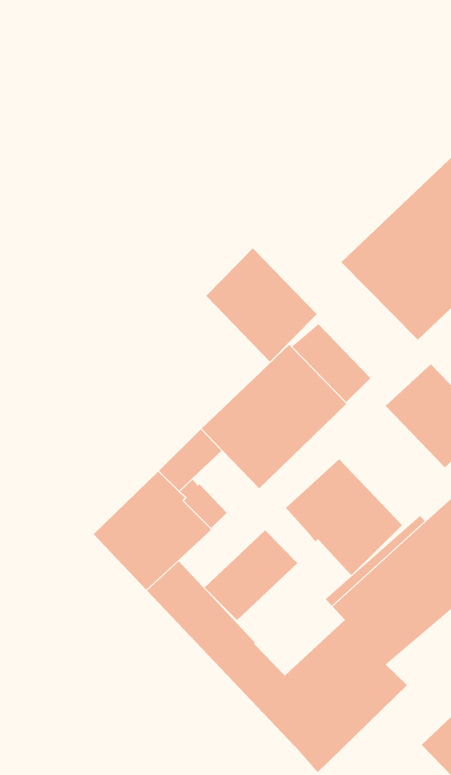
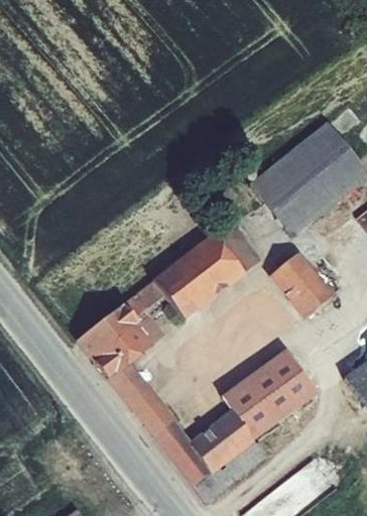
building: [205,248,318,362] -> none
building: [285,459,403,575] -> none
building: [204,530,298,621] -> none

